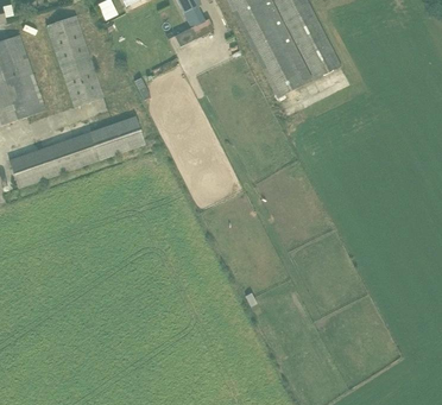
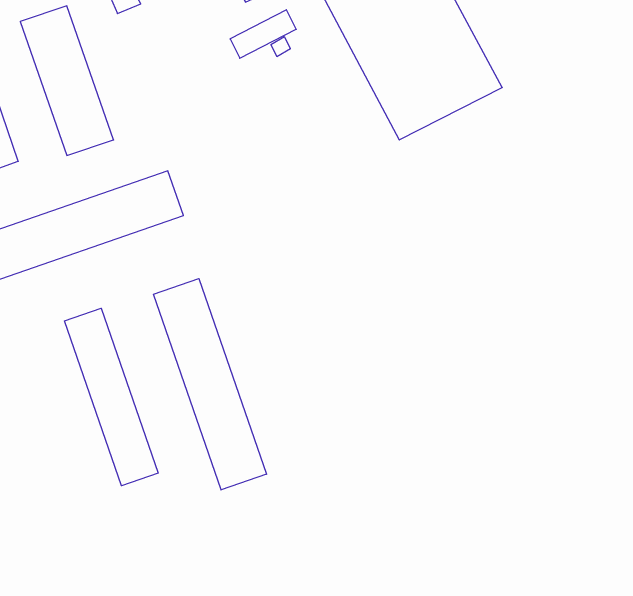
building: none -> [153,279,267,490]
building: none -> [64,308,158,486]

